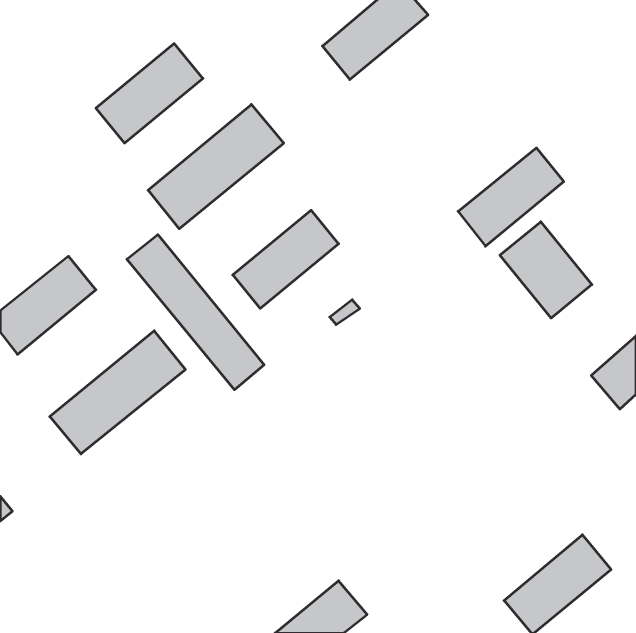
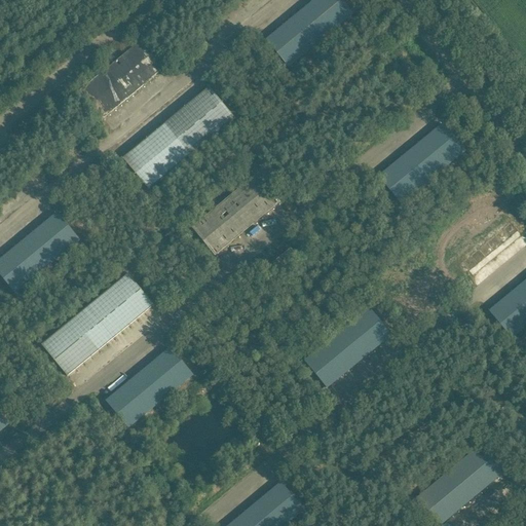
building: [500,222,592,318] -> none
building: [127,235,264,390] -> none
building: none -> [304,306,391,387]
building: none -> [105,346,193,427]

